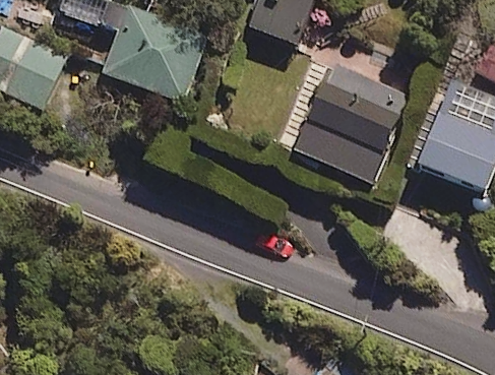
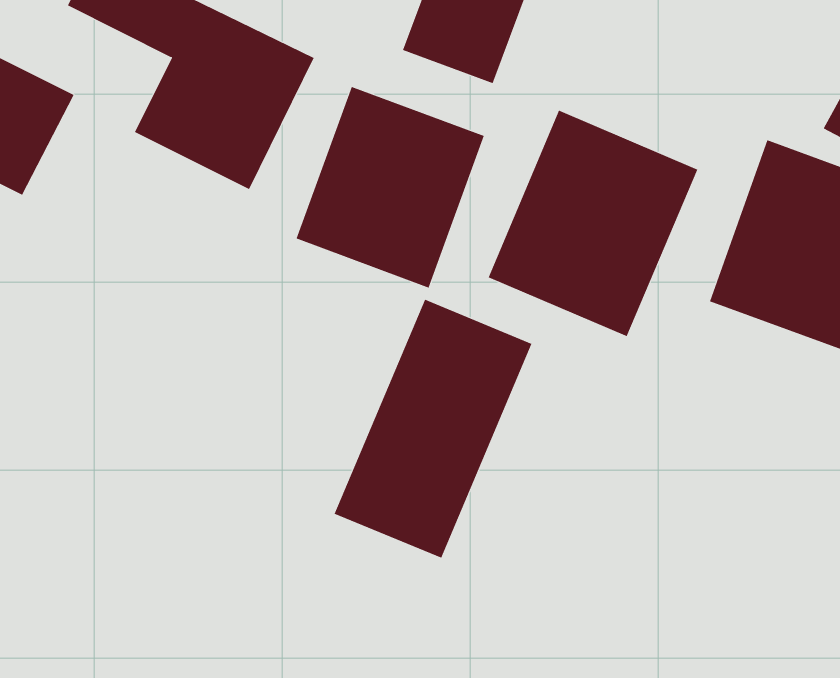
building: none -> [296,86,485,288]
building: none -> [334,299,532,559]

